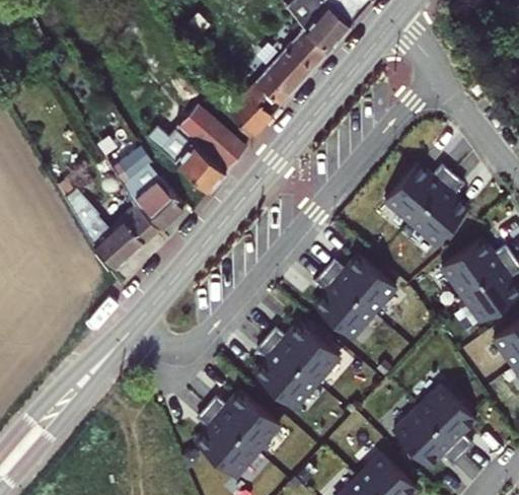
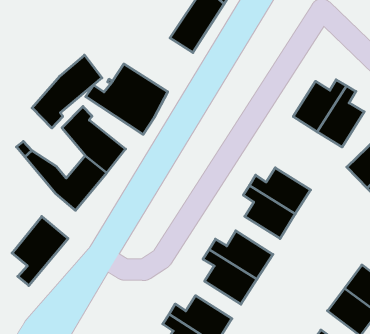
building: [230,84,281,140] -> none
building: none -> [32,55,102,128]
building: none -> [12,216,68,286]

